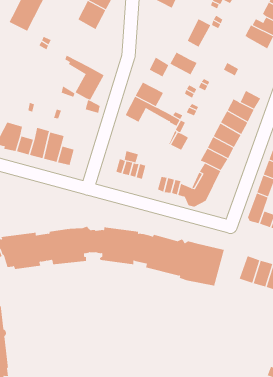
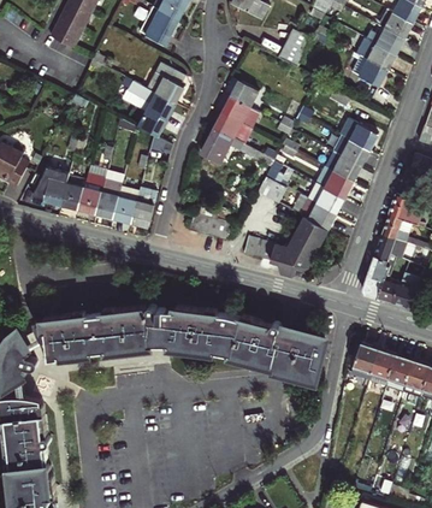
building: none -> [349,57,385,88]
building: none -> [154,66,184,106]
building: [170,52,197,75] -> [223,99,259,129]
building: none -> [129,189,154,228]

